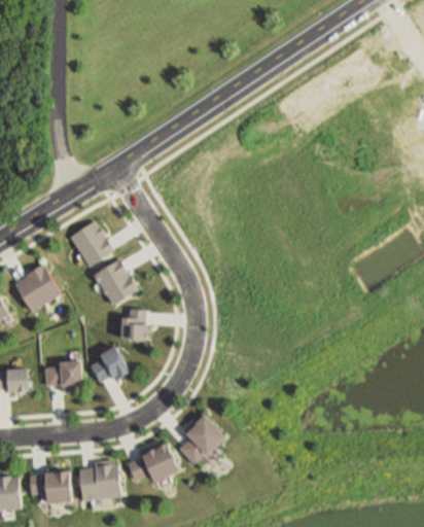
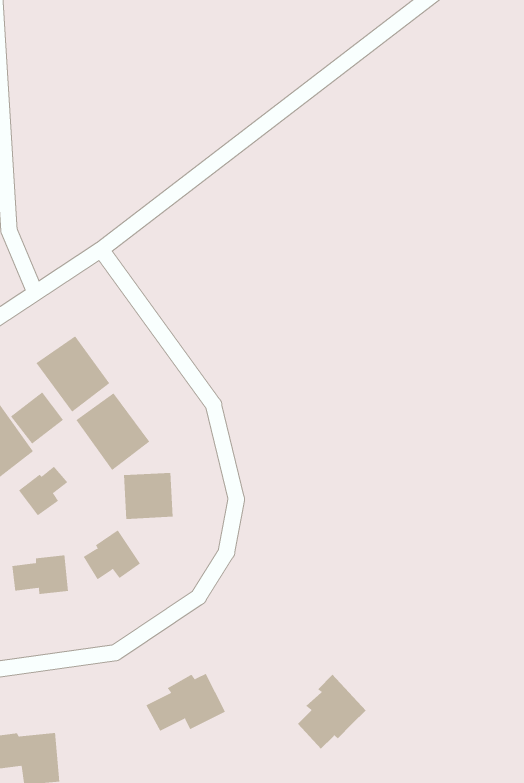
building: none -> [10,392,64,445]
building: none -> [18,466,68,516]
building: [179,416,224,464] -> [297,674,367,750]
building: [78,458,118,503] -> none

